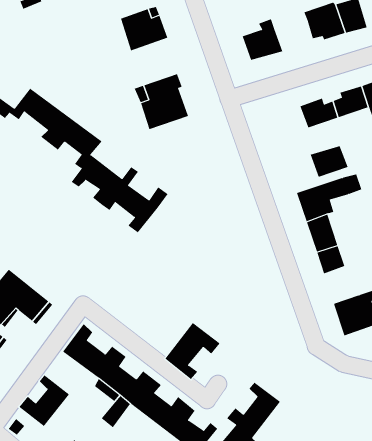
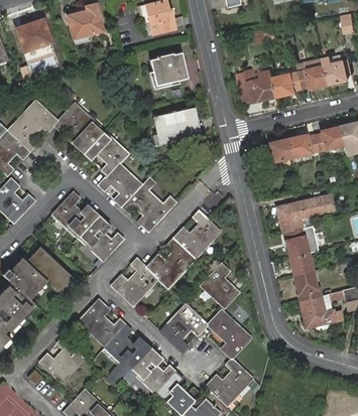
building: none -> [237,65,262,101]
building: none -> [273,72,303,95]
building: [310,145,348,177] -> [262,140,292,164]
building: none -> [54,191,124,259]
building: none -> [111,212,219,305]
building: none -> [294,272,322,301]
building: none -> [203,264,239,305]
building: none -> [207,311,249,359]

